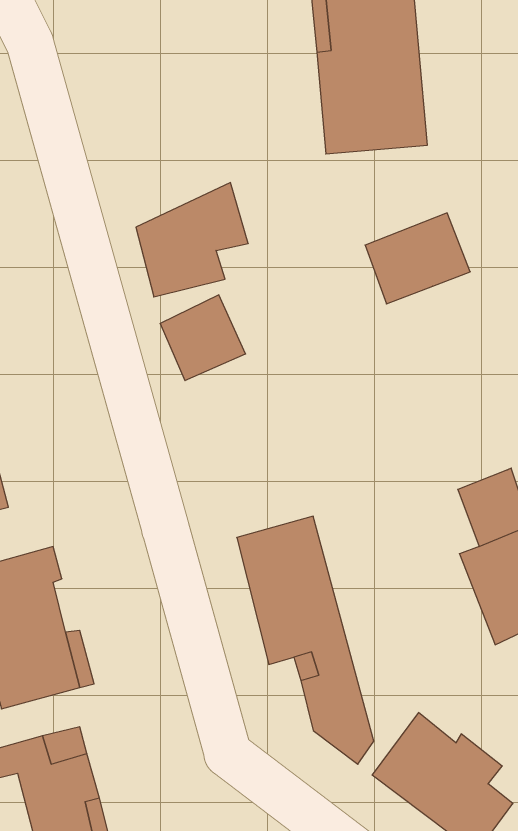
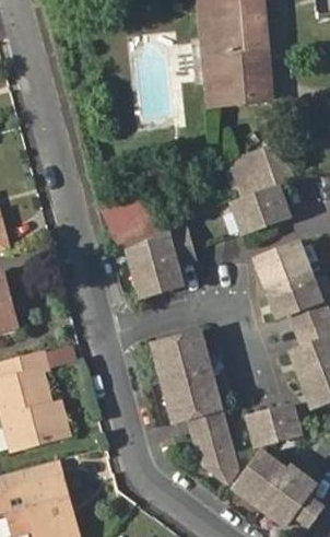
building: [136,183,248,297] -> [129,222,198,292]
building: none -> [227,188,286,237]
building: none -> [256,245,320,318]
building: none -> [248,404,302,445]

